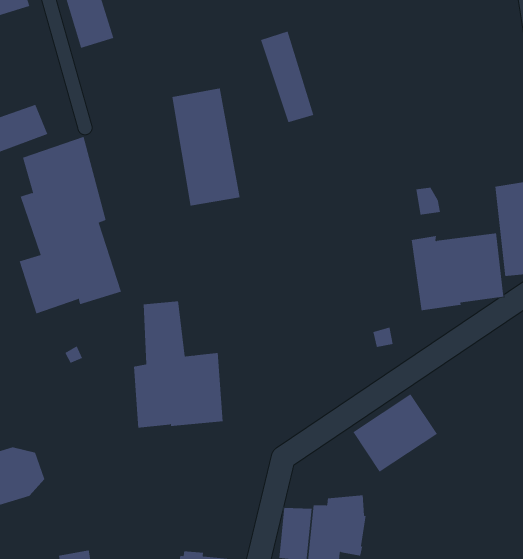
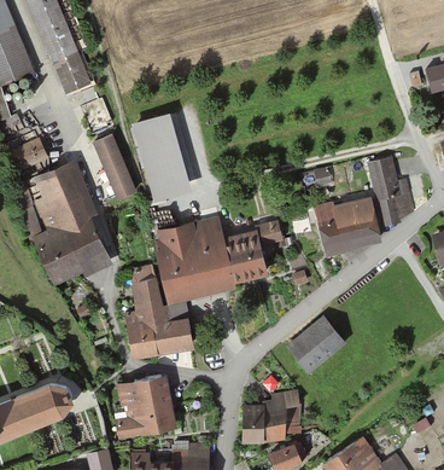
building: [260,31,314,123] -> [93,134,136,199]
building: none -> [153,219,284,304]
building: none -> [117,375,177,440]

